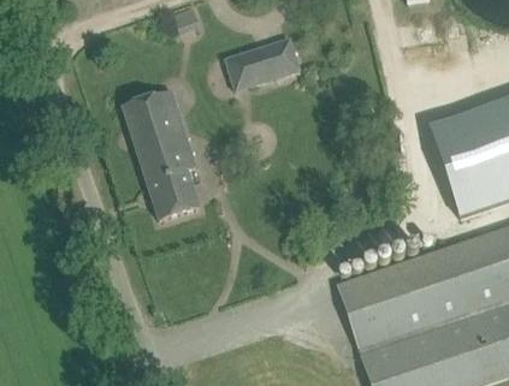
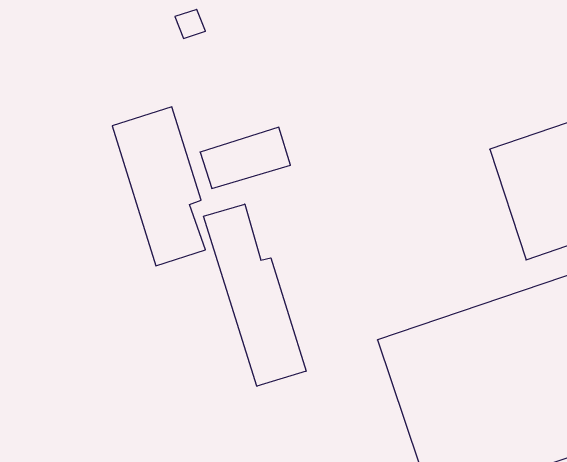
building: [225,40,300,90] -> [200,127,290,188]
building: none -> [204,204,306,386]

